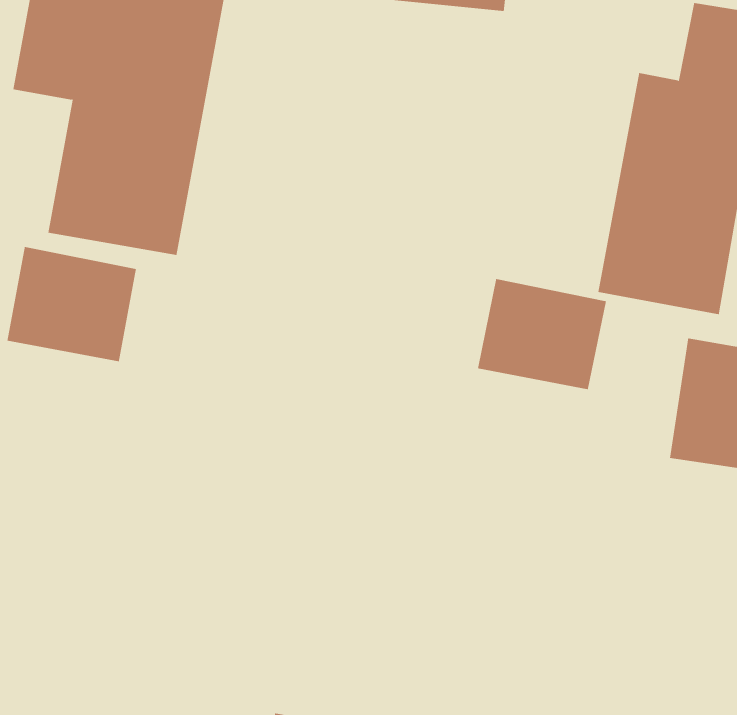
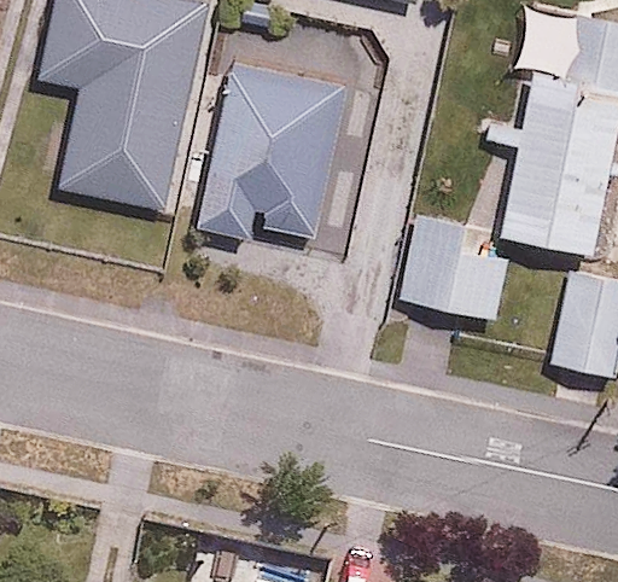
building: none -> [197,60,345,237]
building: [7,246,136,362] -> none

